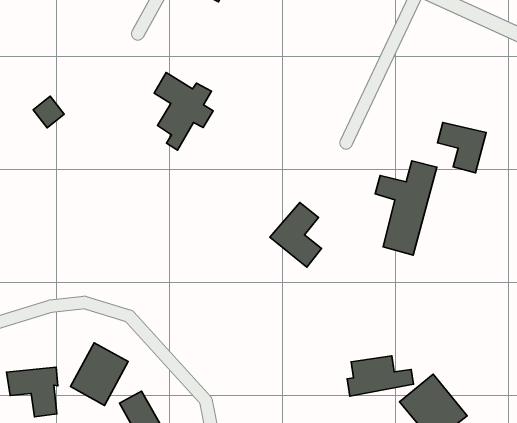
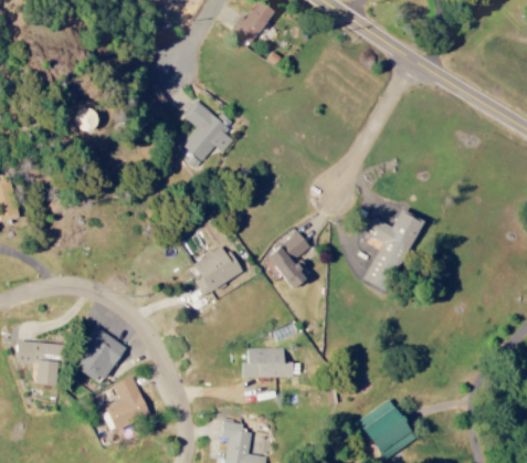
building: [437,122,486,173] -> none
building: none -> [187,246,243,295]
building: [347,356,413,396] -> [243,348,301,378]

